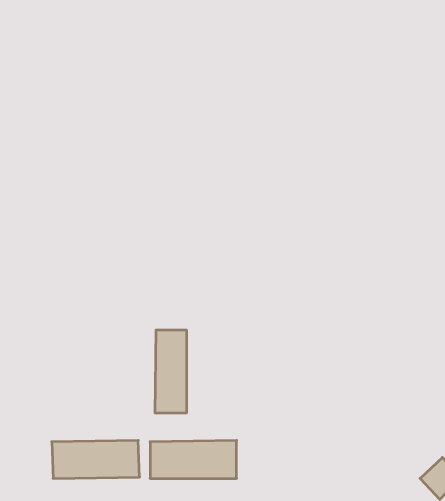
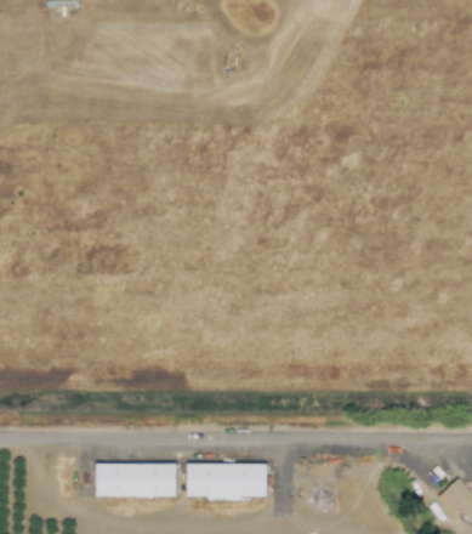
building: [155,330,186,413] -> none

